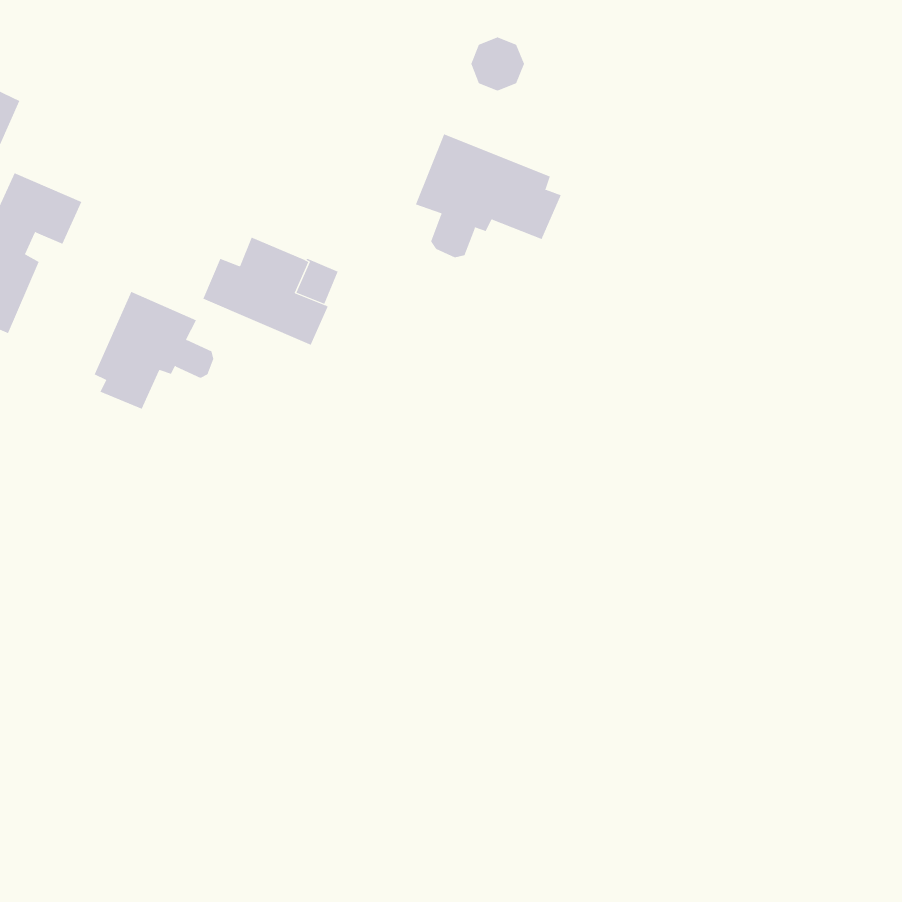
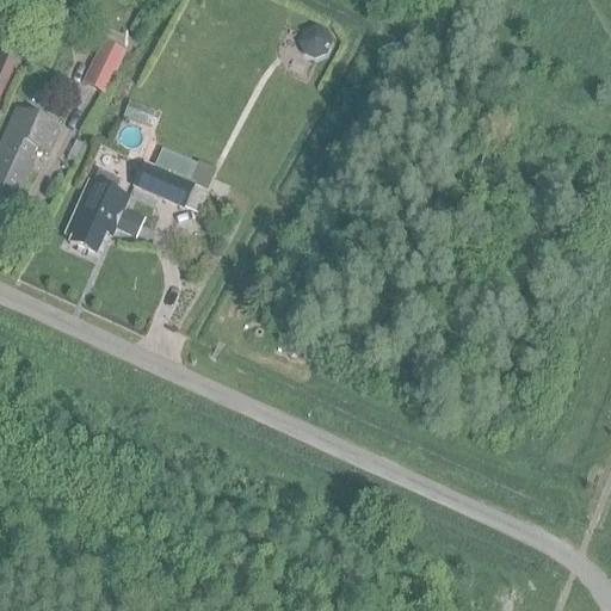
building: none -> [82,38,126,93]
building: [415,133,562,258] -> none

